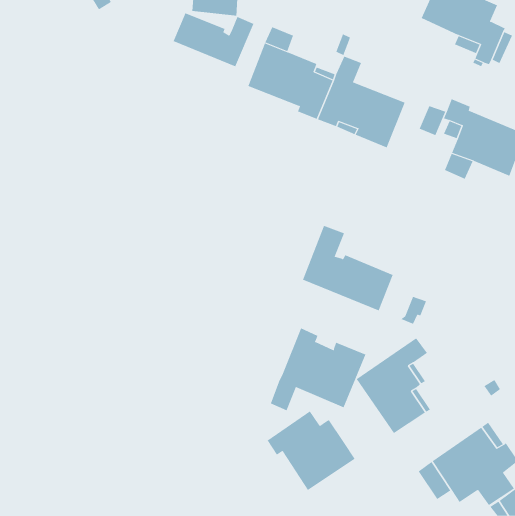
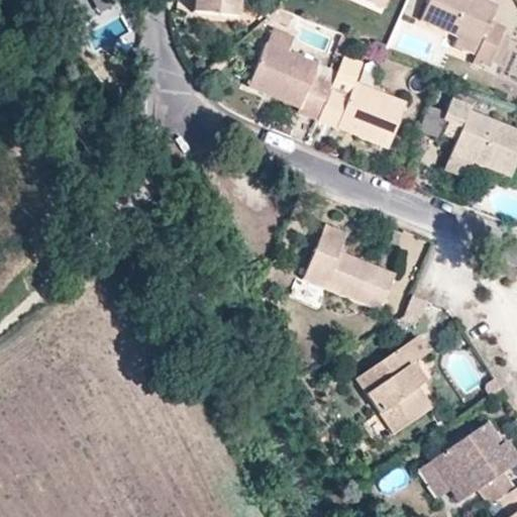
building: [173,12,254,67] -> none
building: [270,328,366,411] -> none
building: [267,411,355,491] -> none

